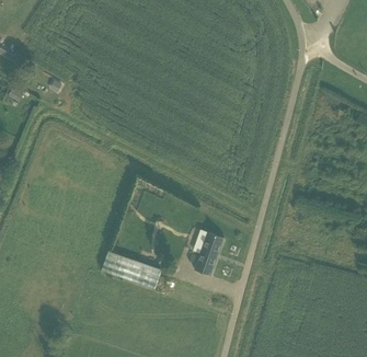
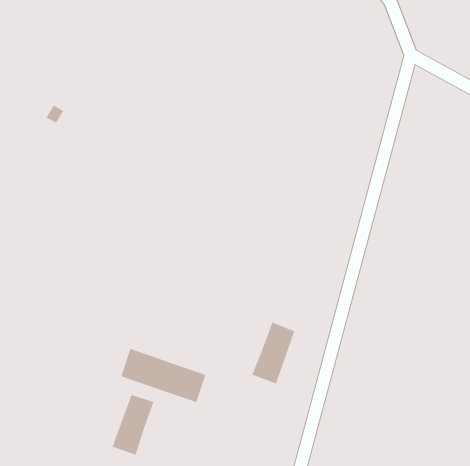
building: none -> [112,394,154,456]

